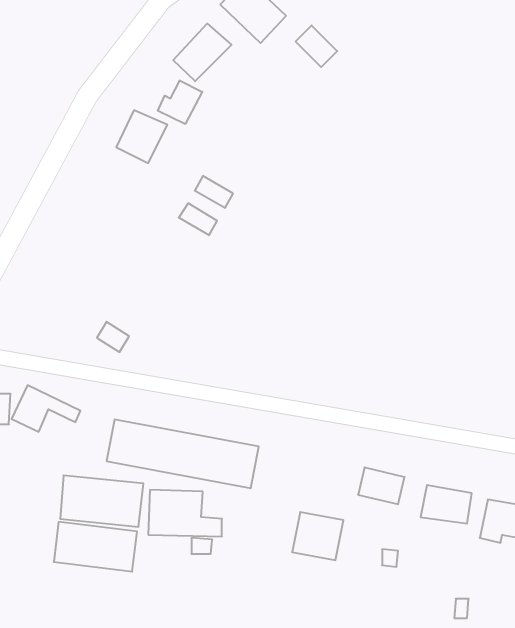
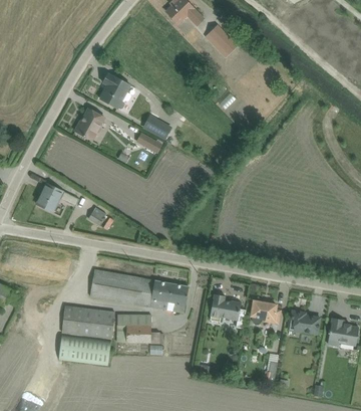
building: [173,24,231,81] -> none
building: [158,80,202,124] -> none
building: none -> [72,107,105,142]
building: [12,385,80,432] -> [36,182,79,211]
building: [292,512,343,560] -> [208,293,240,324]

